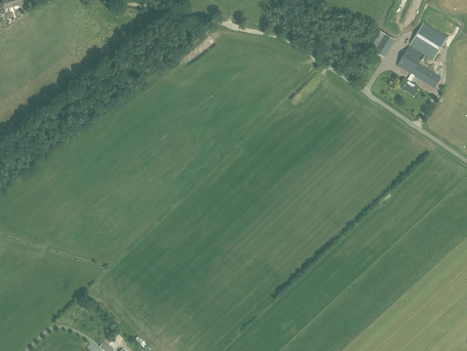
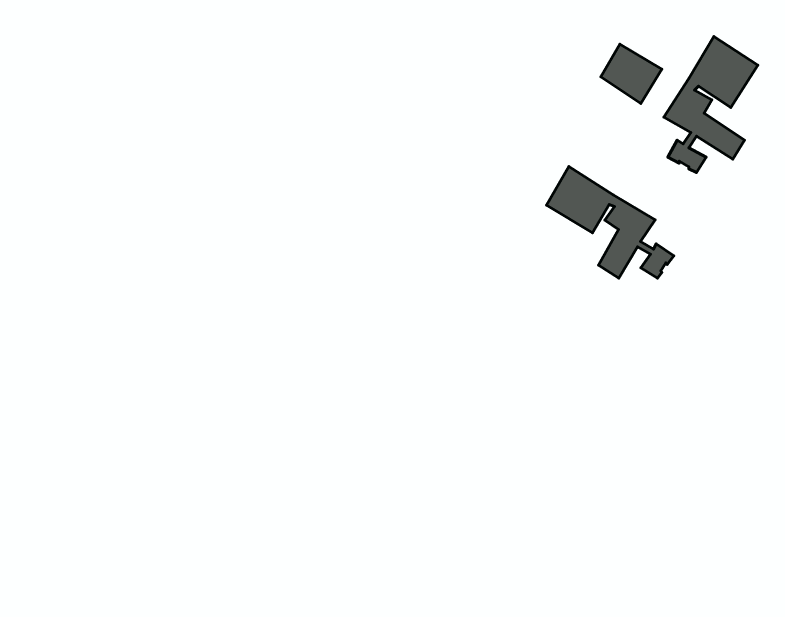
building: none -> [547,166,674,278]

